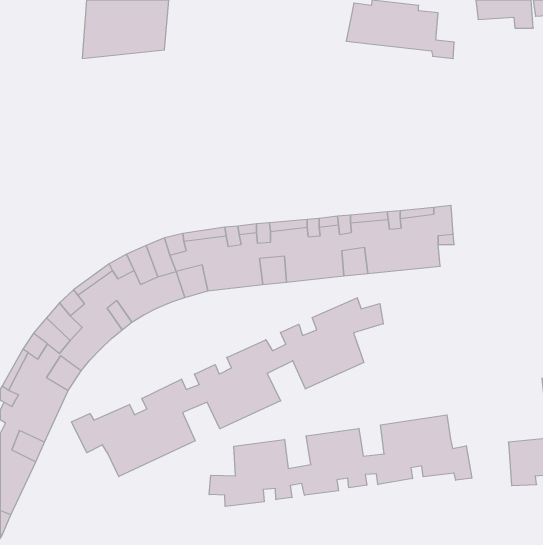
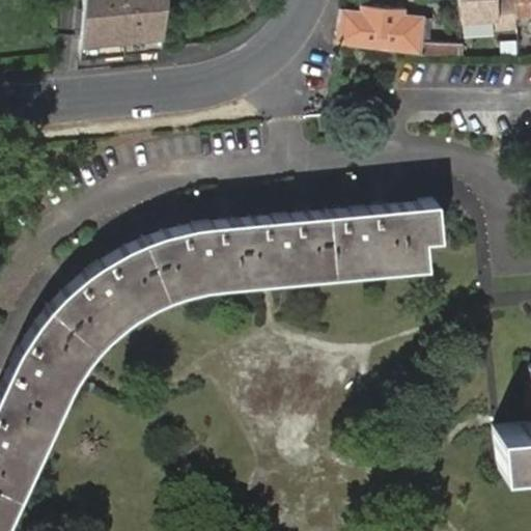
building: [71,298,383,477] -> none
building: [209,415,472,506] -> none

